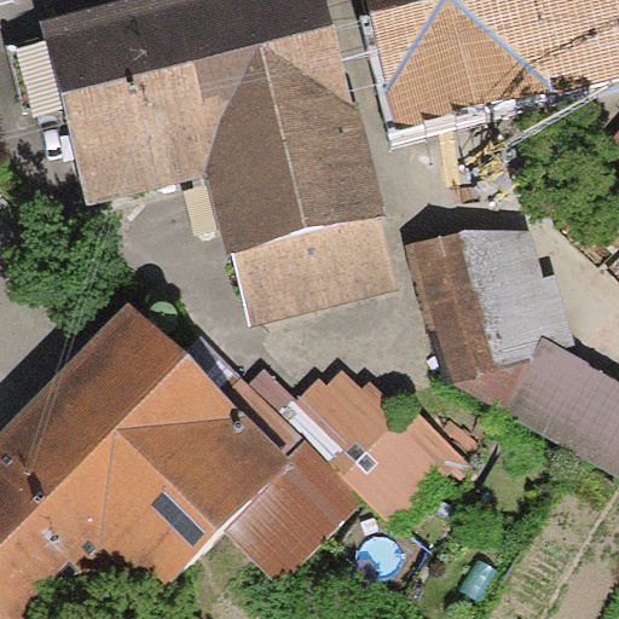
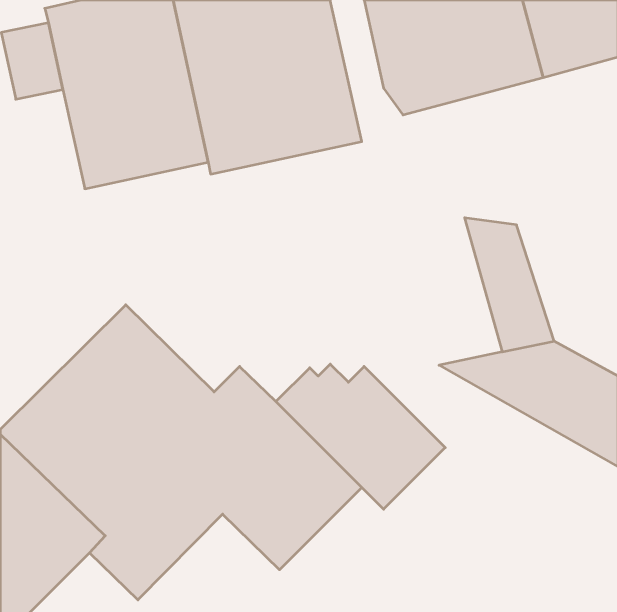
building: [212,147,388,293] -> none
building: [410,224,503,371] -> none

